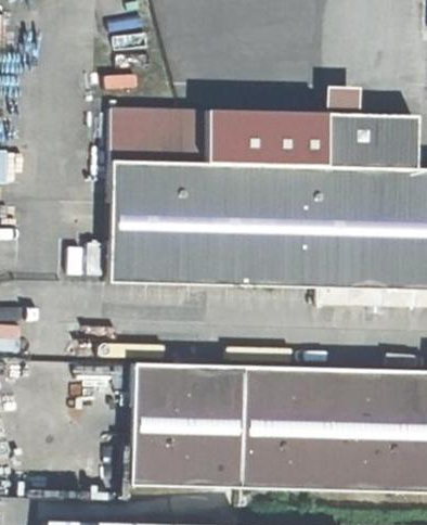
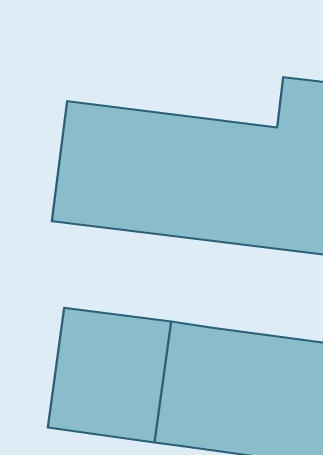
building: [114,108,326,161] -> none

